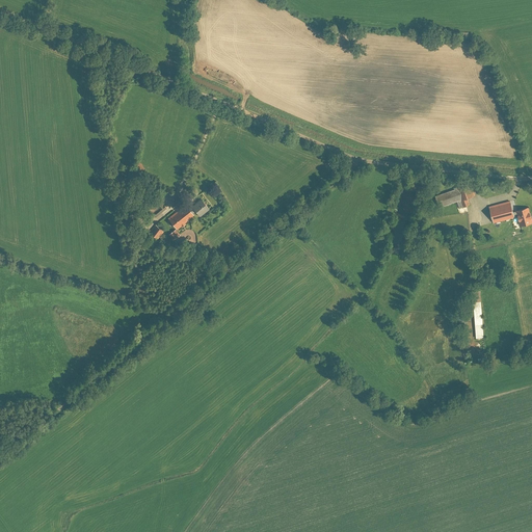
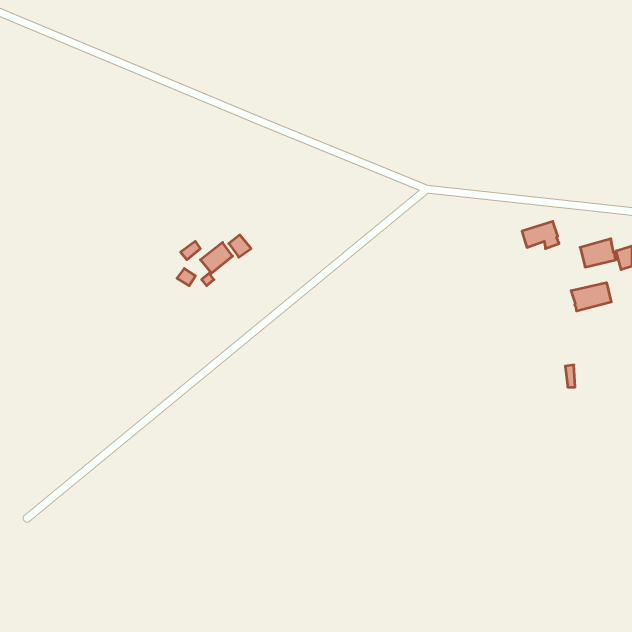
building: none -> [571,283,611,311]

